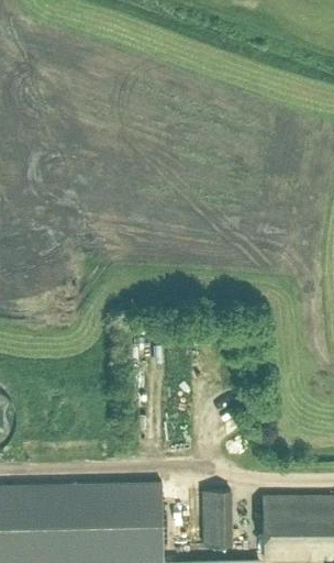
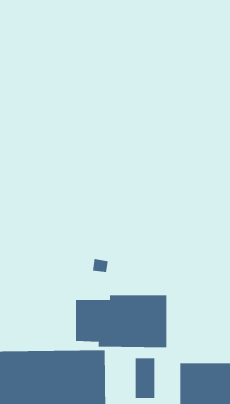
building: none -> [76,294,167,348]

